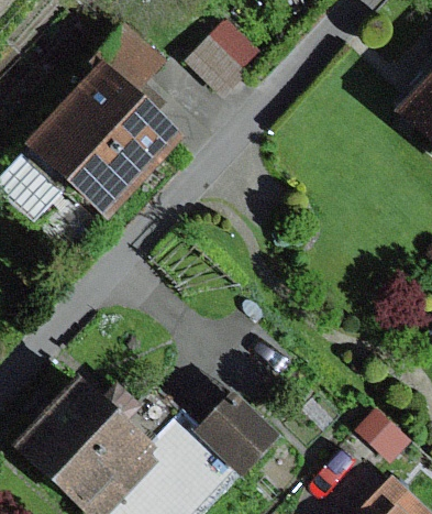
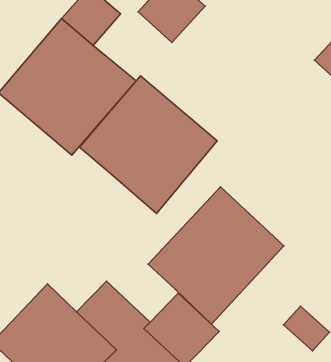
building: none -> [80,76,217,213]
building: none -> [148,187,284,324]

